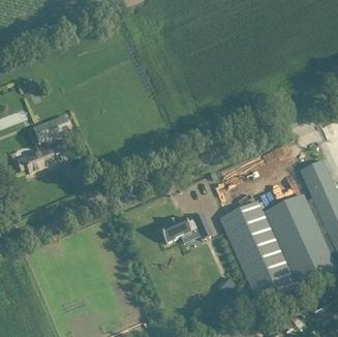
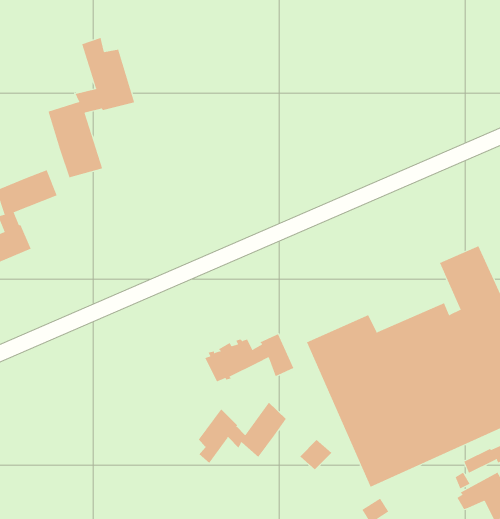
building: none -> [48,37,135,178]
building: none -> [198,402,286,464]

